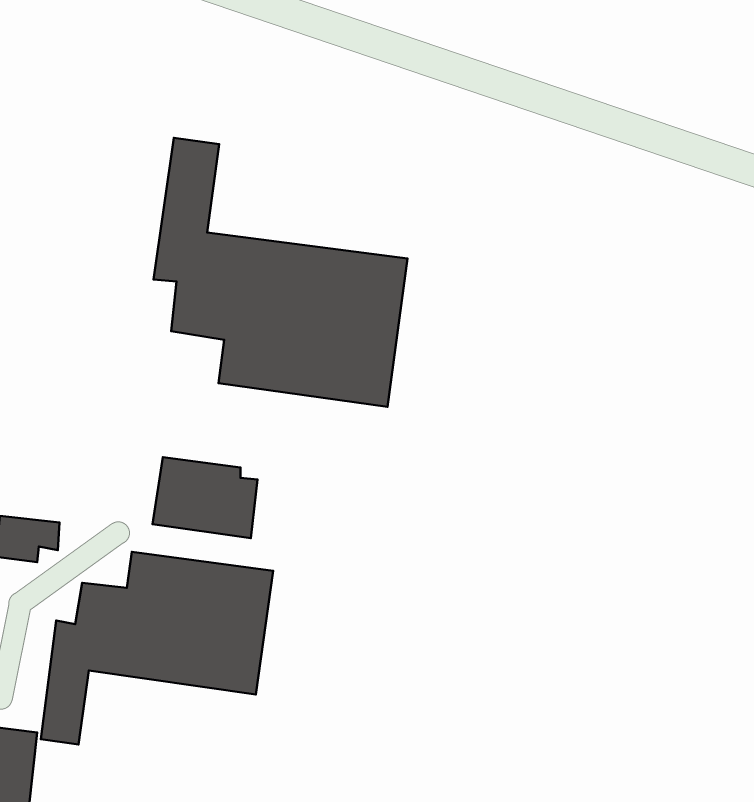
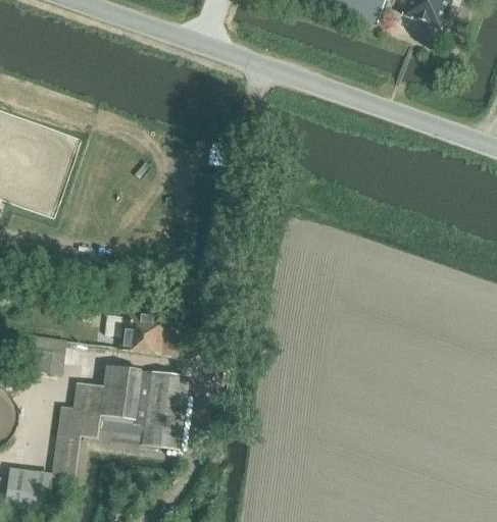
building: [154,138,407,407] -> none

